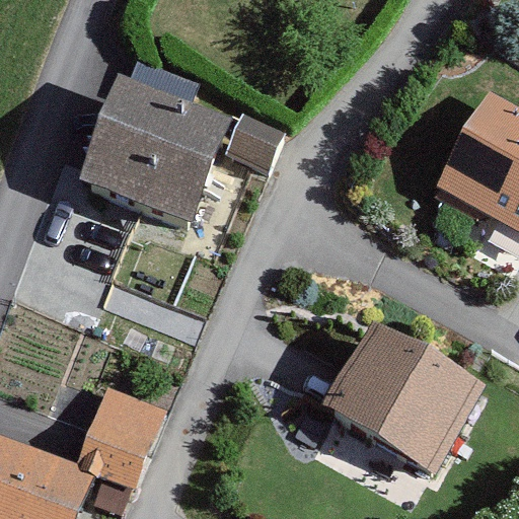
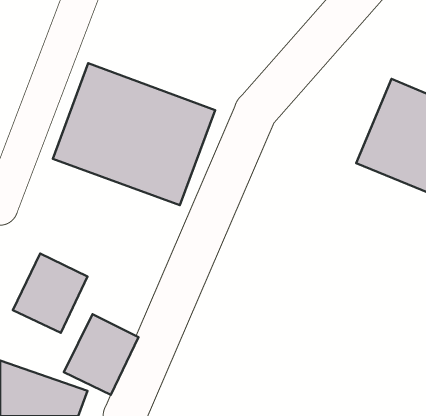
building: none -> [13,254,87,333]
building: [325,326,475,466] -> none

